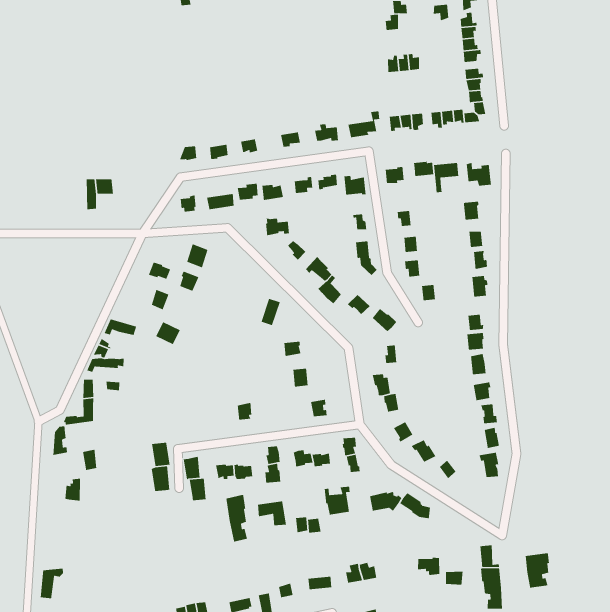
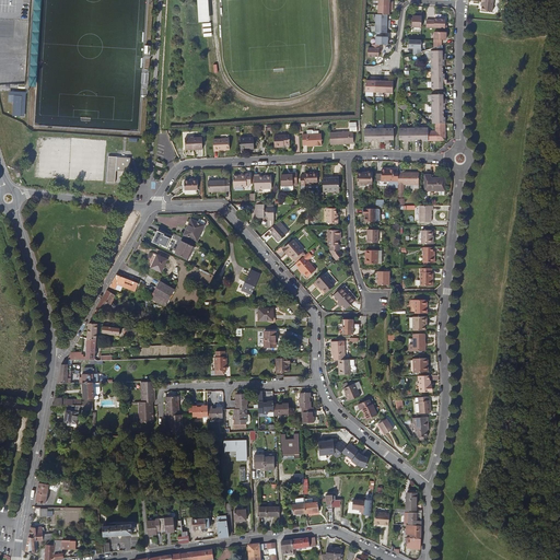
building: [226,494,248,543] -> none
building: [525,552,550,589] -> none

